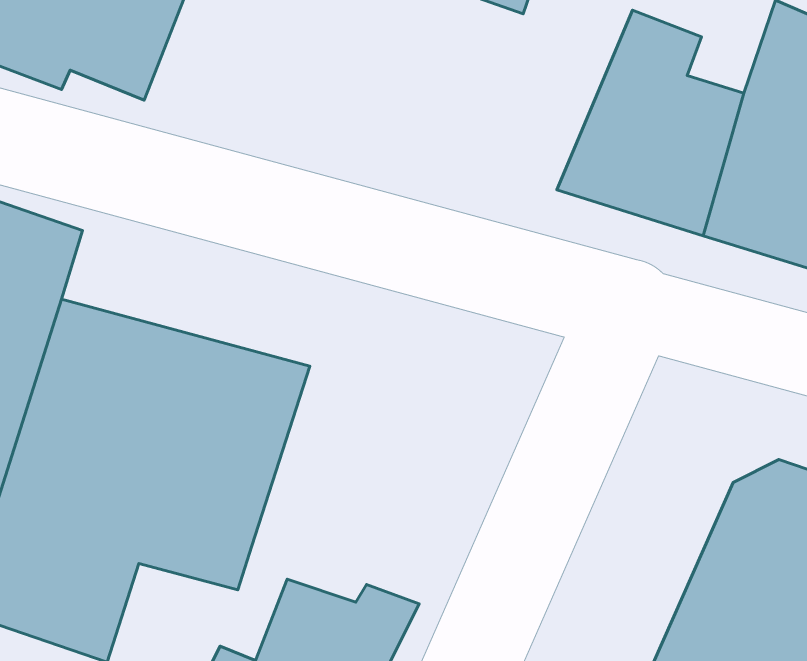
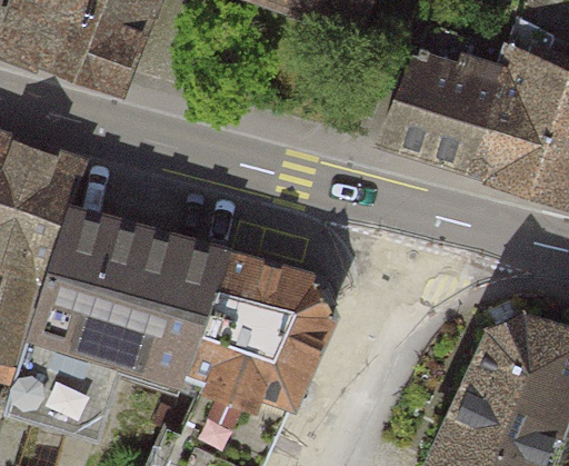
building: none -> [190,251,335,401]

